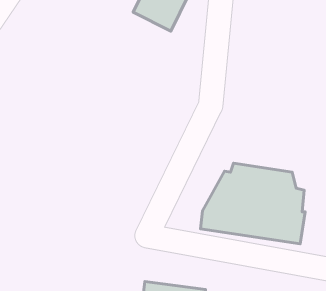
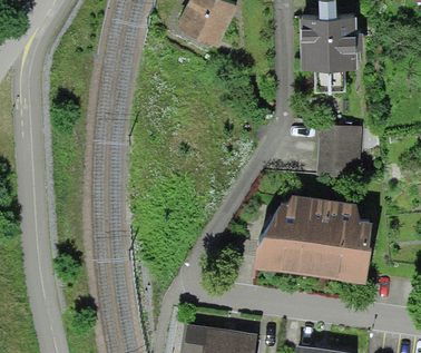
building: none -> [302,18,356,68]
building: none -> [315,126,358,174]

